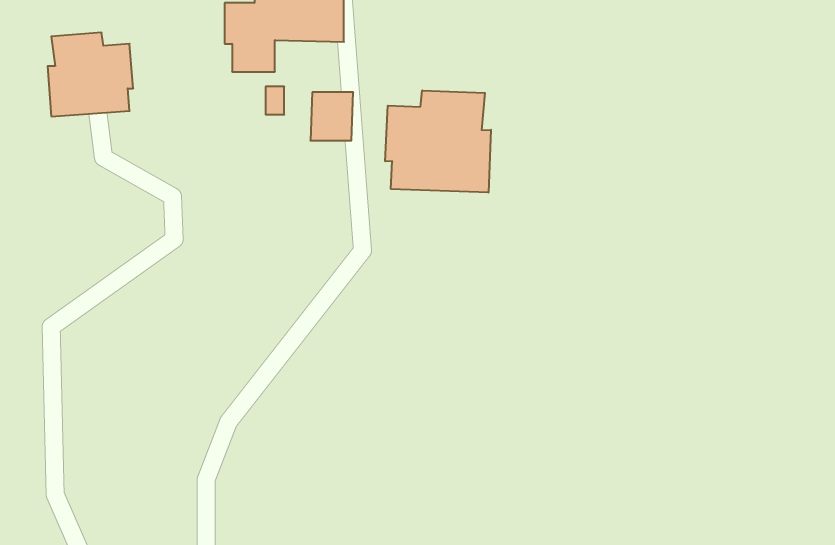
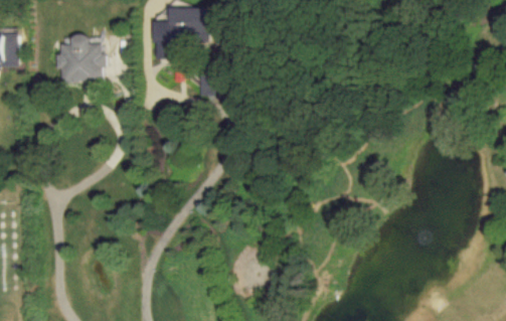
building: [385,90,491,193] -> none

